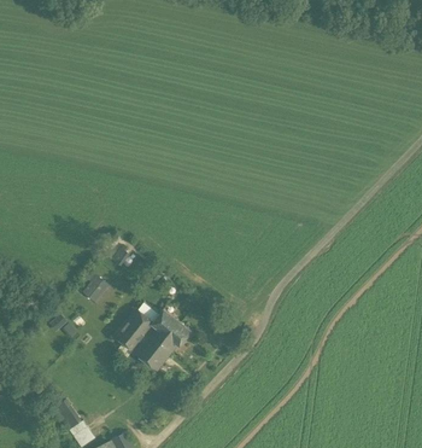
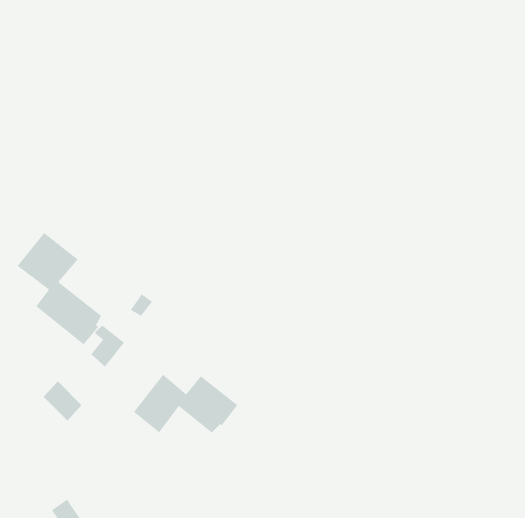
building: none -> [17,232,102,345]
building: [133,332,171,371] -> none

